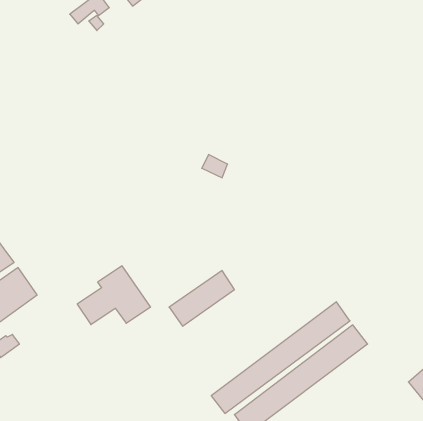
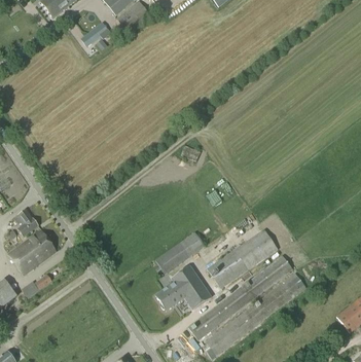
building: [77,266,151,325] -> [155,265,211,310]
building: none -> [207,228,278,287]

